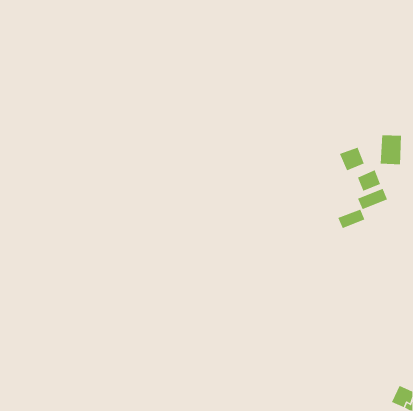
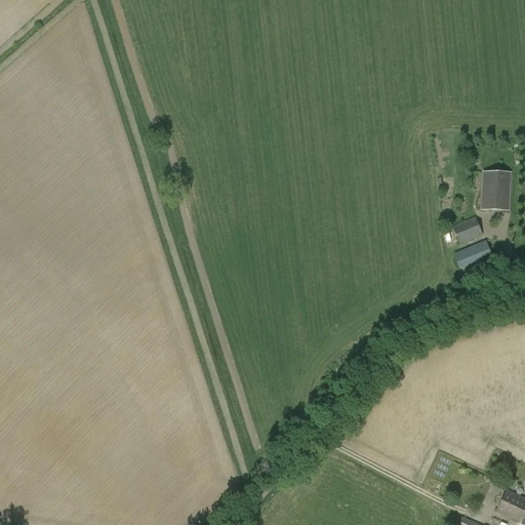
building: [339,147,365,171] -> none
building: [338,209,365,229] -> none

